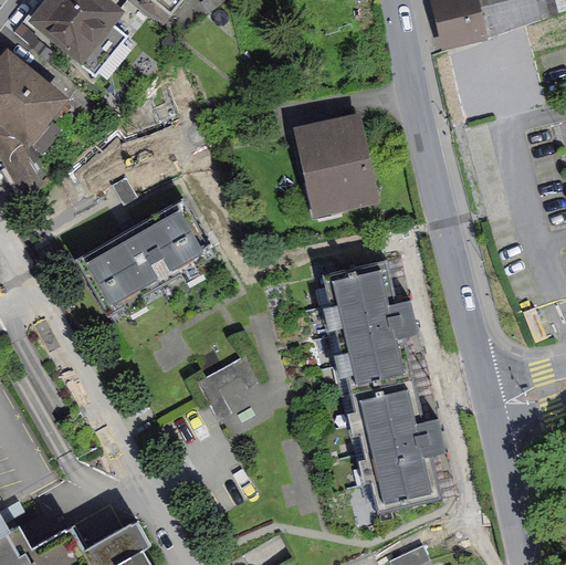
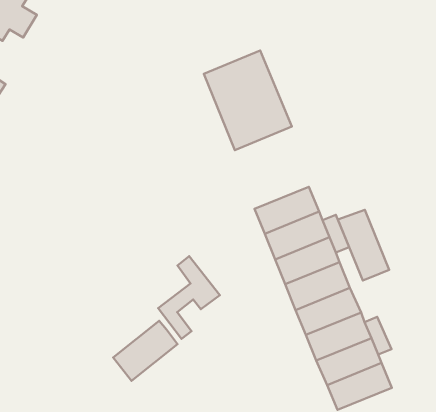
building: [81,203,211,322] -> none
building: none -> [338,210,389,280]
building: none -> [113,321,178,381]

